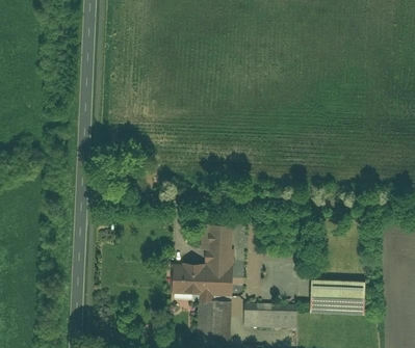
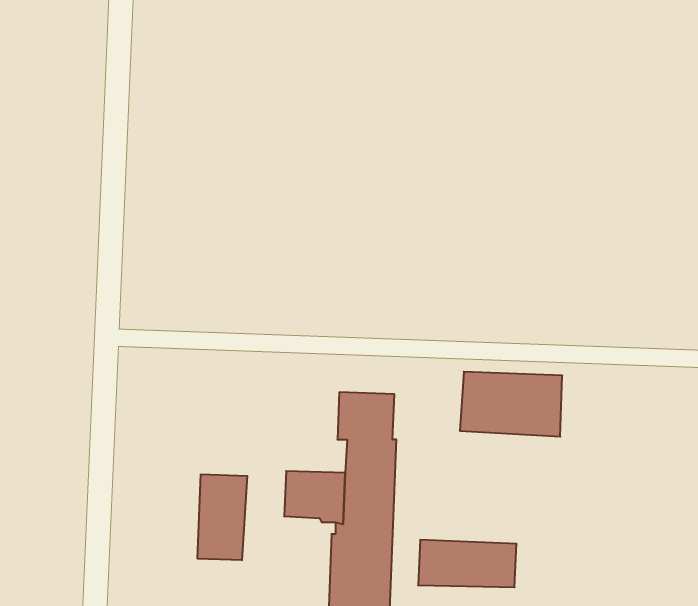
building: none -> [198,474,247,560]
building: [311,280,365,315] -> [460,372,562,437]

